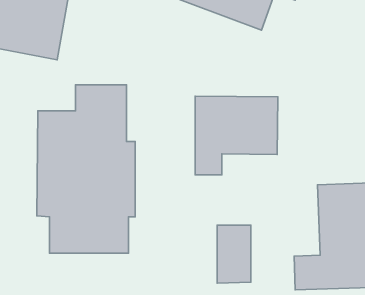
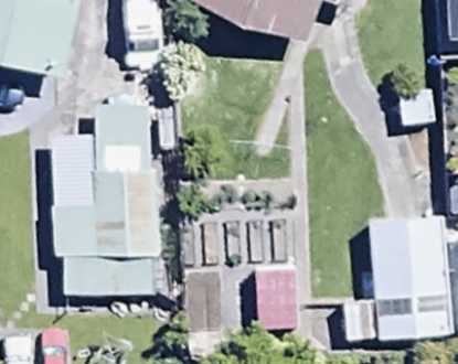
building: [195,96,278,175] -> none

